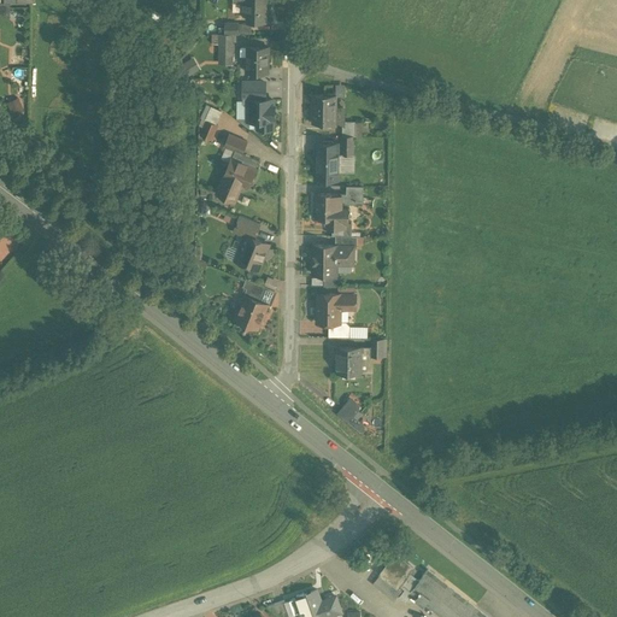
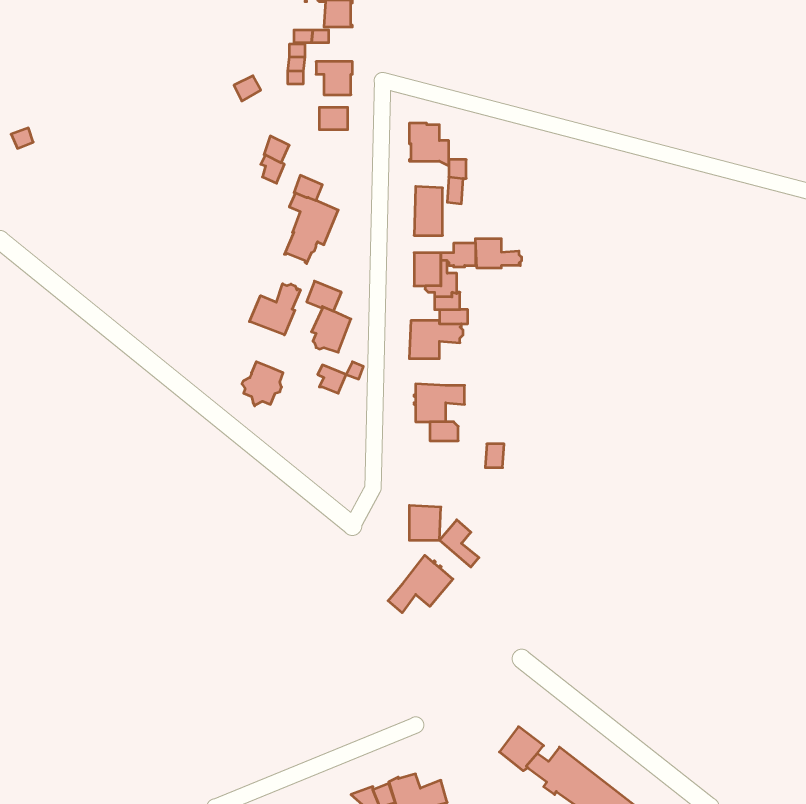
building: [245,101,276,131] -> none
building: none -> [475,239,522,268]
building: none -> [249,284,300,335]
building: [236,298,268,331] -> [242,362,283,406]
building: [339,348,363,375] -> [409,505,441,540]
building: none -> [388,555,453,613]

